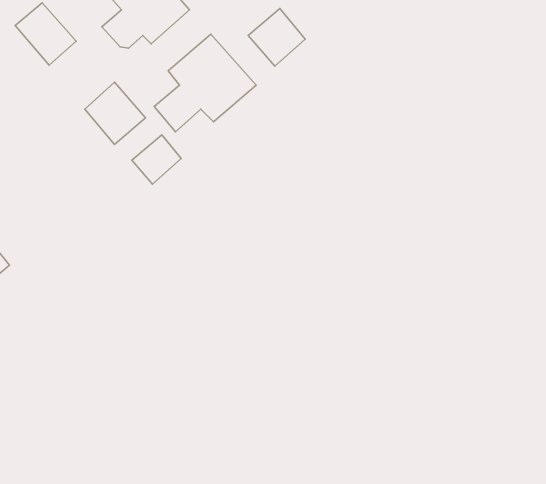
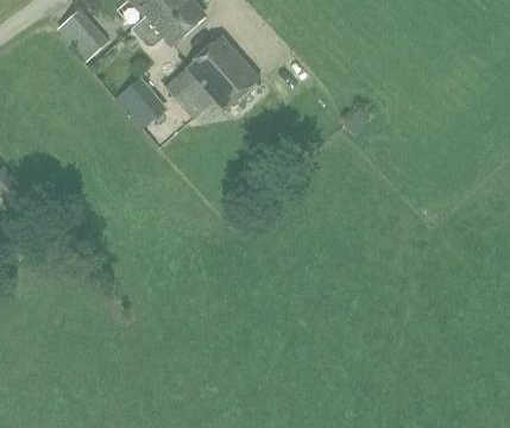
building: [248,9,305,66] -> none
building: [132,135,181,184] -> none

